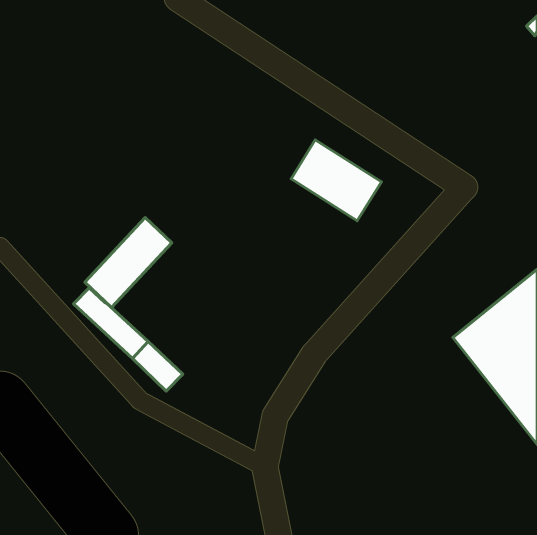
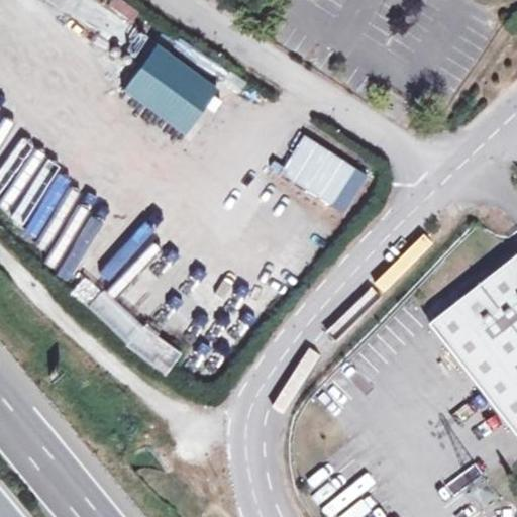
building: none -> [121,43,216,134]
building: [85,217,172,308] -> none

